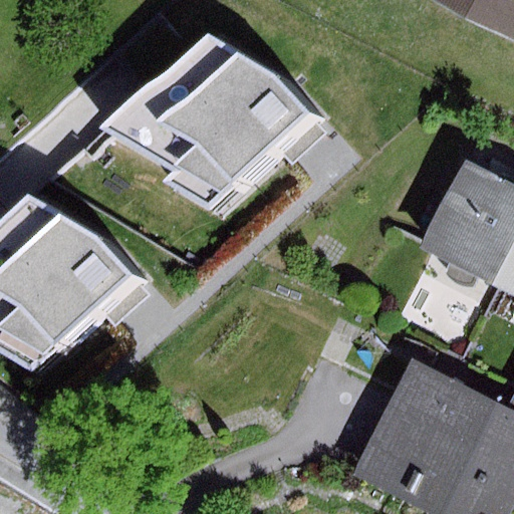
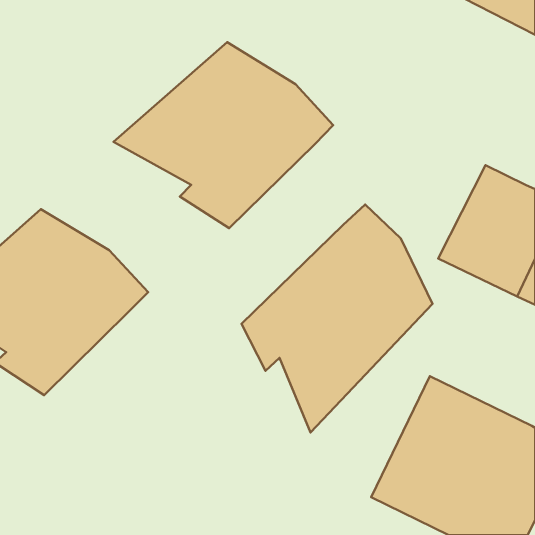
building: none -> [241,204,433,433]

